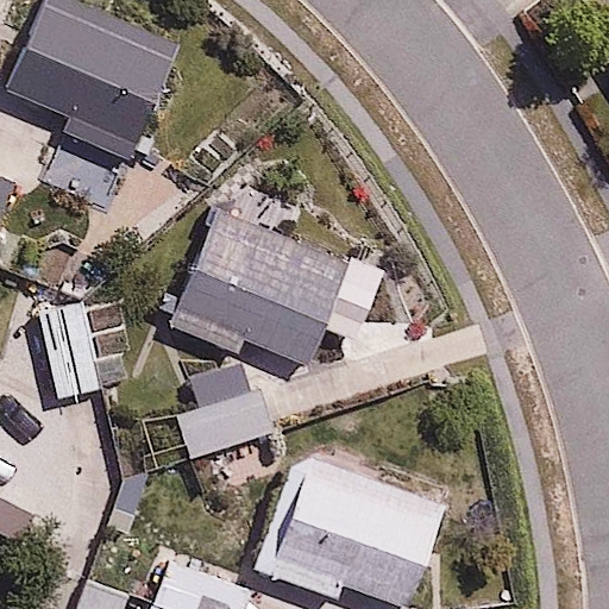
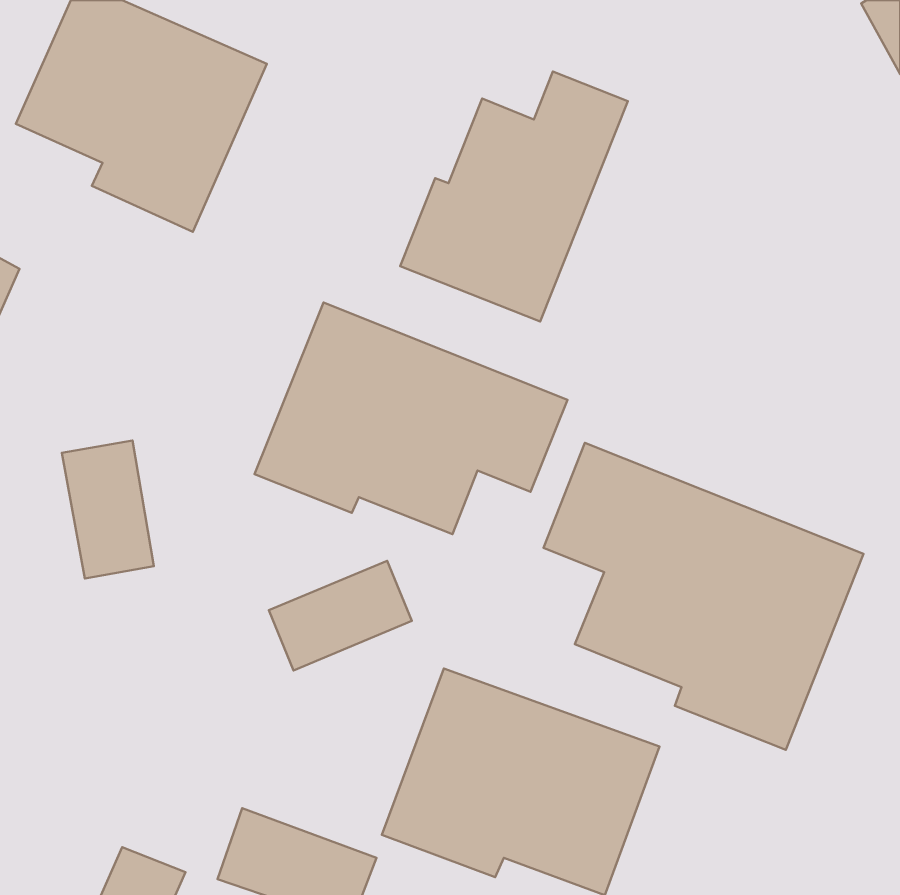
building: none -> [400,72,628,322]
building: none -> [544,443,863,750]

